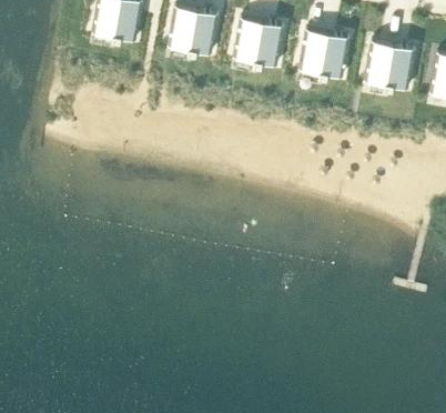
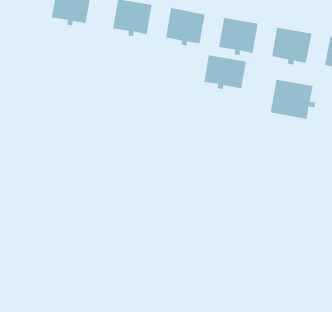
building: none -> [203,55,247,90]
building: none -> [270,79,316,120]

